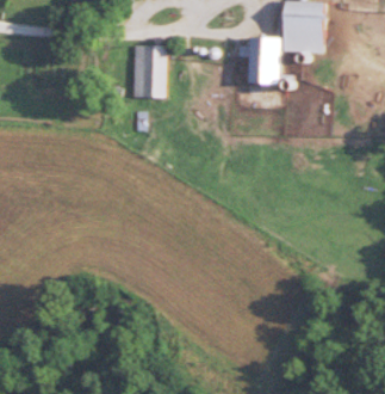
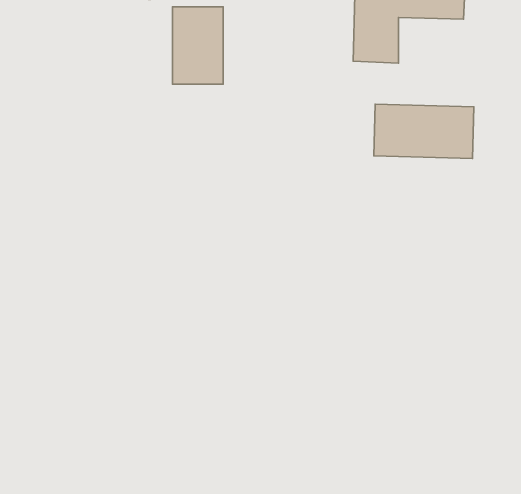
building: none -> [374,104,474,159]

